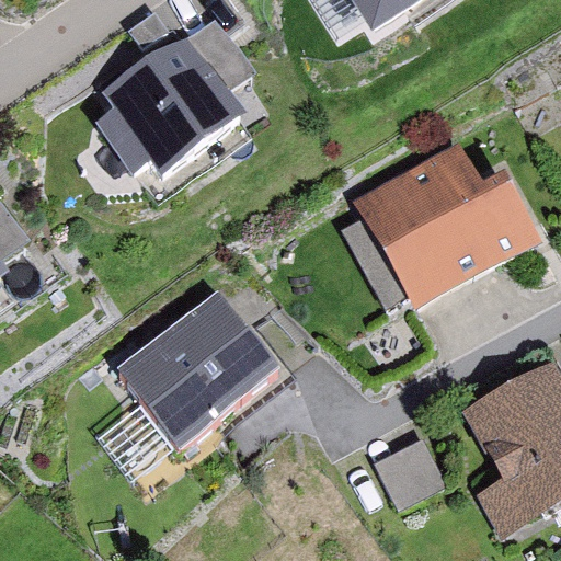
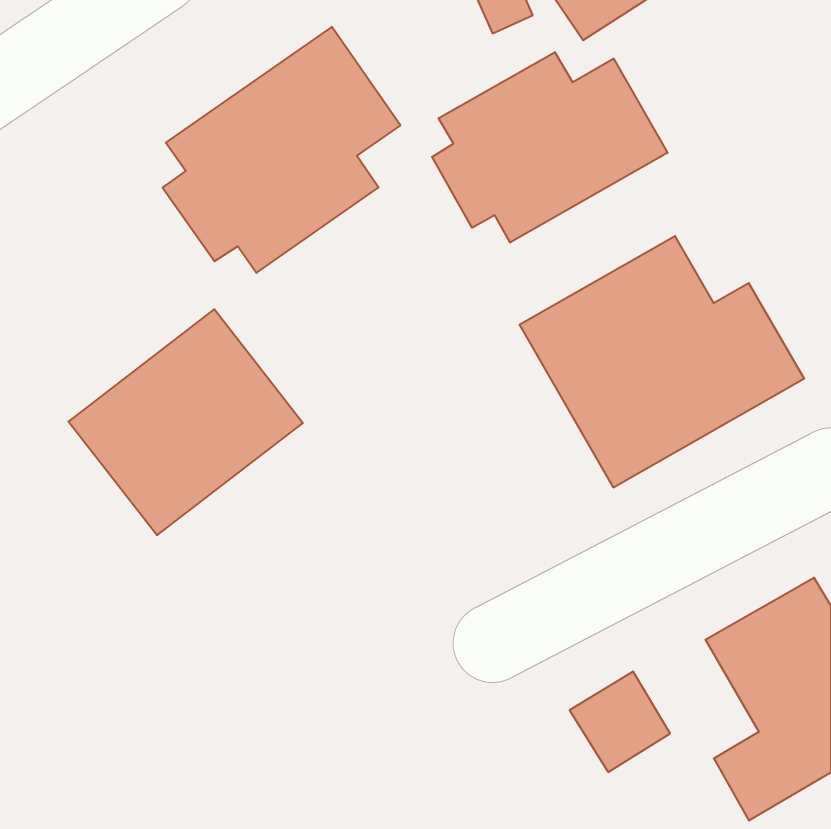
building: none -> [432,52,668,243]
building: [123,299,276,447] -> [68,309,303,535]

